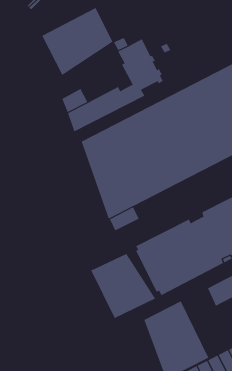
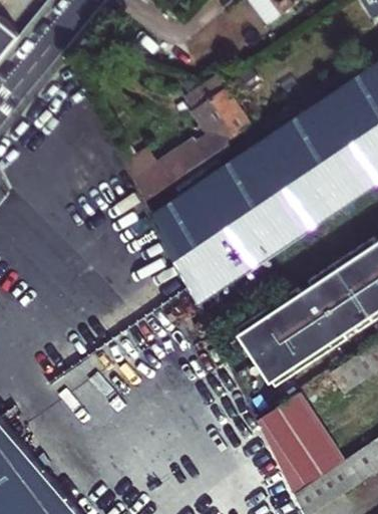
building: [42,7,113,76] -> none
building: [91,253,156,319] -> none

